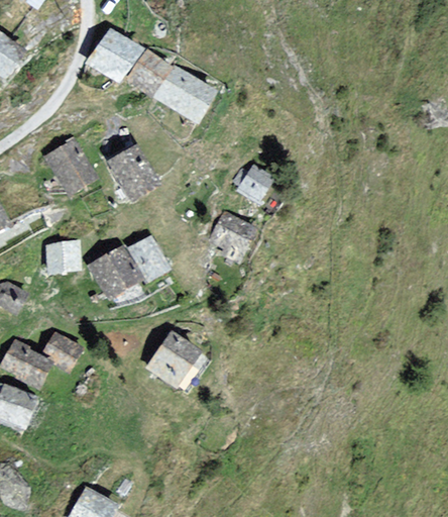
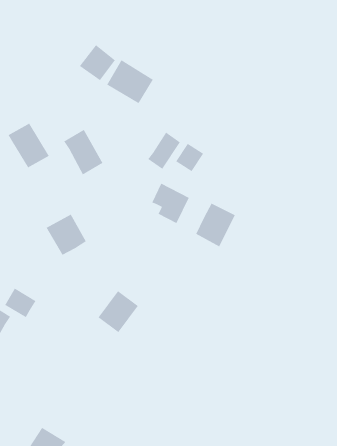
building: [90,31,137,80] -> none
building: none -> [147,132,181,170]
building: none -> [195,203,236,248]
building: [129,235,165,279] -> none
building: [47,239,78,270] -> none

